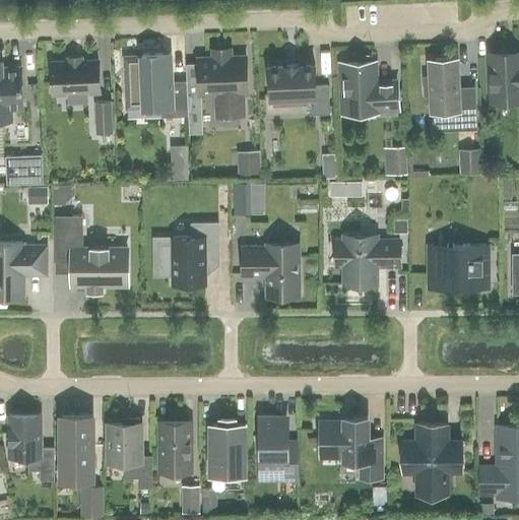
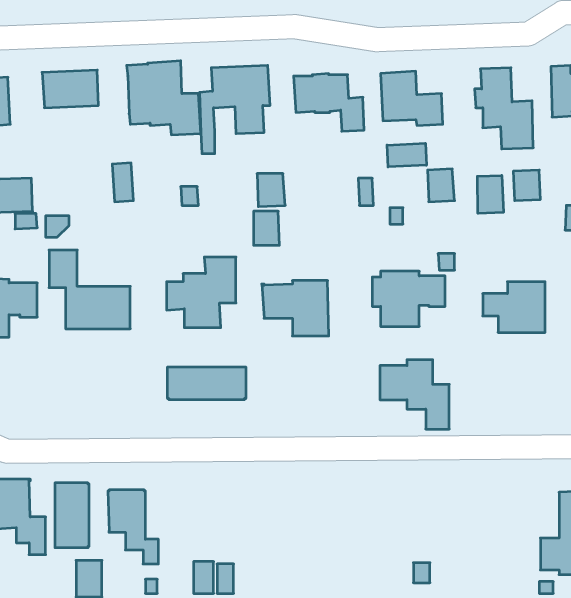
building: [94,102,113,135] -> [112,163,133,202]
building: none -> [387,143,426,167]
building: none -> [477,175,503,213]
building: none -> [168,367,246,400]
building: [261,419,297,472] -> none
building: [321,419,381,479] -> [380,360,449,429]
building: [403,424,461,497] -> none
building: [159,427,191,473] -> none
building: [211,427,244,477] -> none

